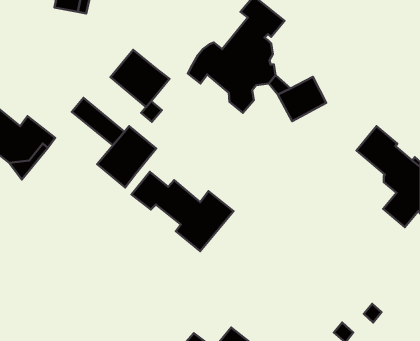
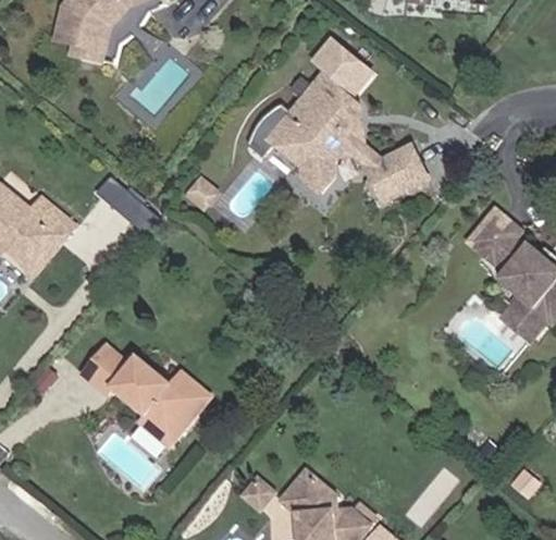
building: [111,50,170,107] -> none
building: [97,126,156,188] -> none
building: [132,172,233,251] -> [79,345,212,449]

